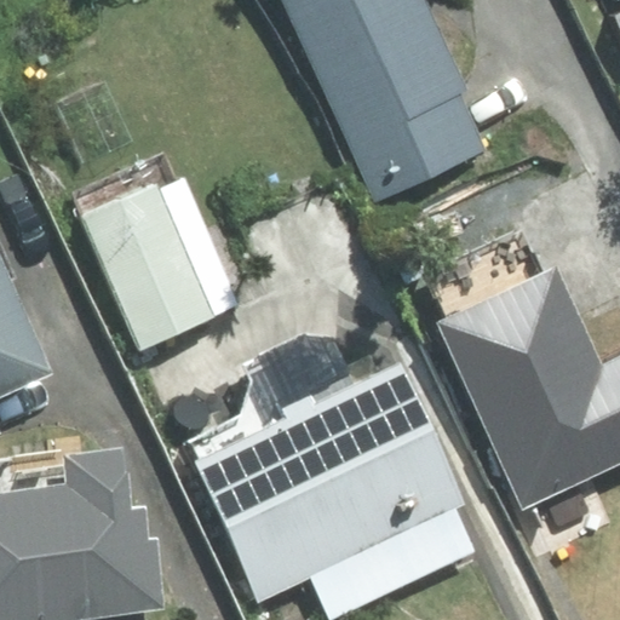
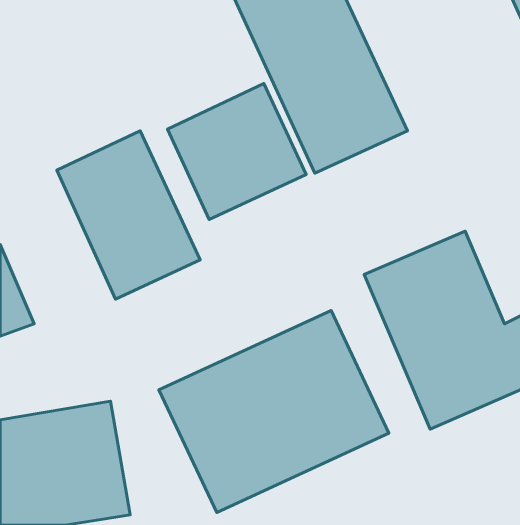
building: none -> [167,84,306,220]

